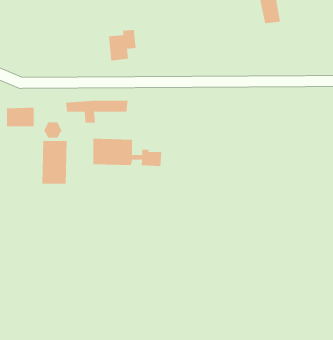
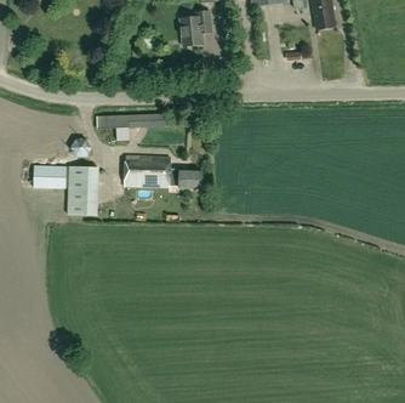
building: [108,30,137,61] -> [181,11,212,46]
building: [6,107,34,127] -> [34,168,65,189]

